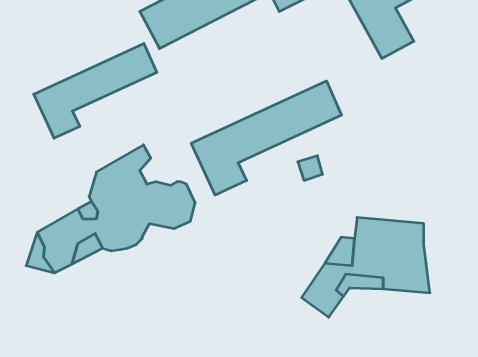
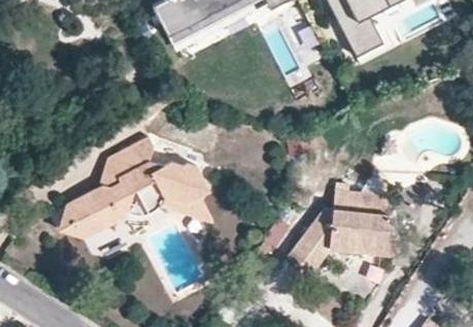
building: [34,43,157,138] -> none
building: [191,81,342,195] -> none

